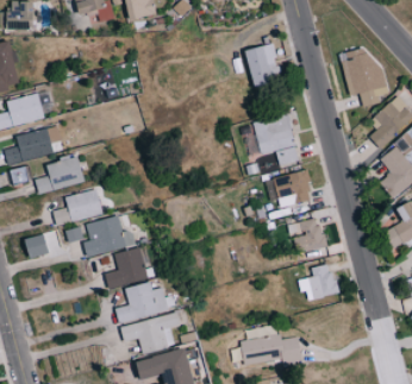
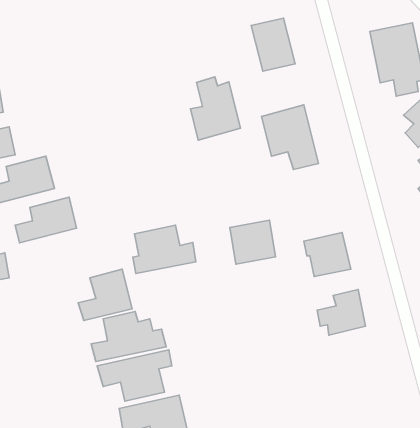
building: none -> [190,77,240,140]
building: [275,171,312,207] -> [230,220,275,264]
building: [85,216,136,256] -> [133,225,196,273]
building: [242,335,302,366] -> none

